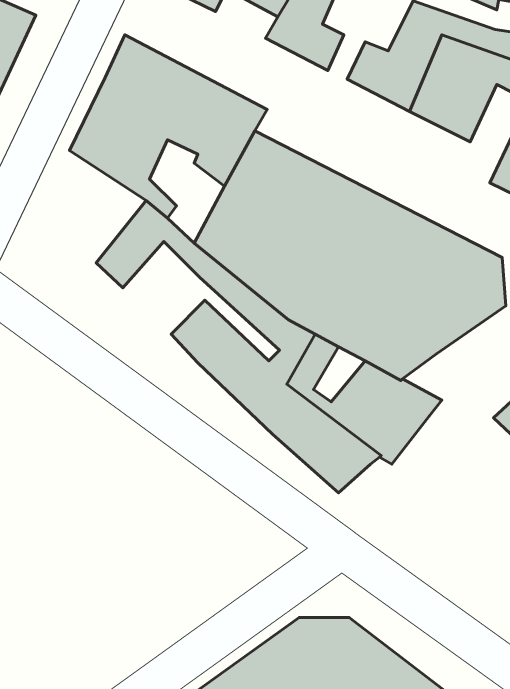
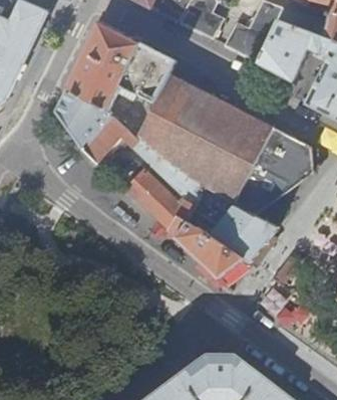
building: none -> [54,86,110,150]

